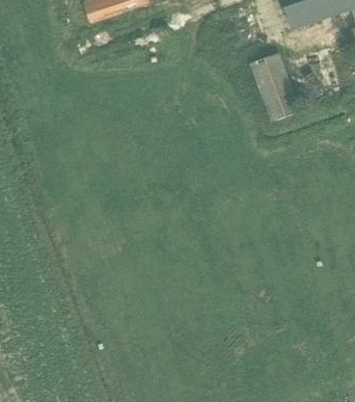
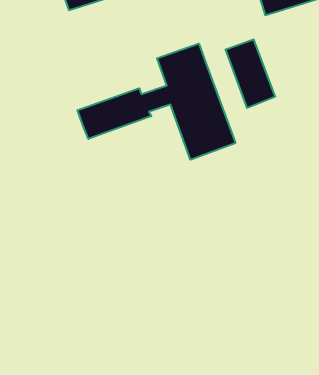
building: none -> [78,44,235,160]

